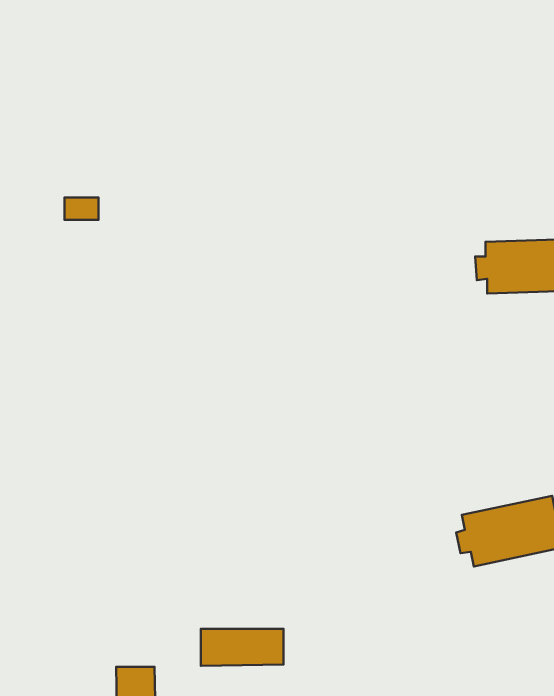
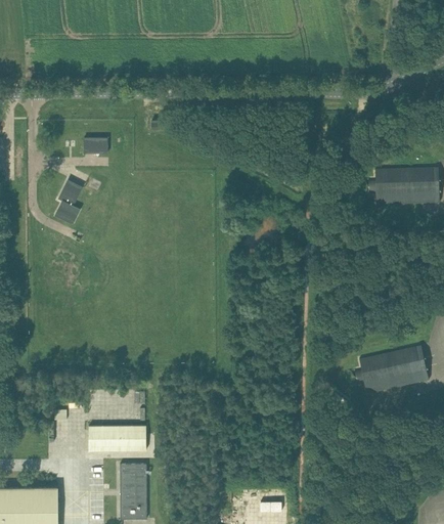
building: none -> [55,180,83,224]
building: [201,629,284,666] -> [89,426,146,451]

